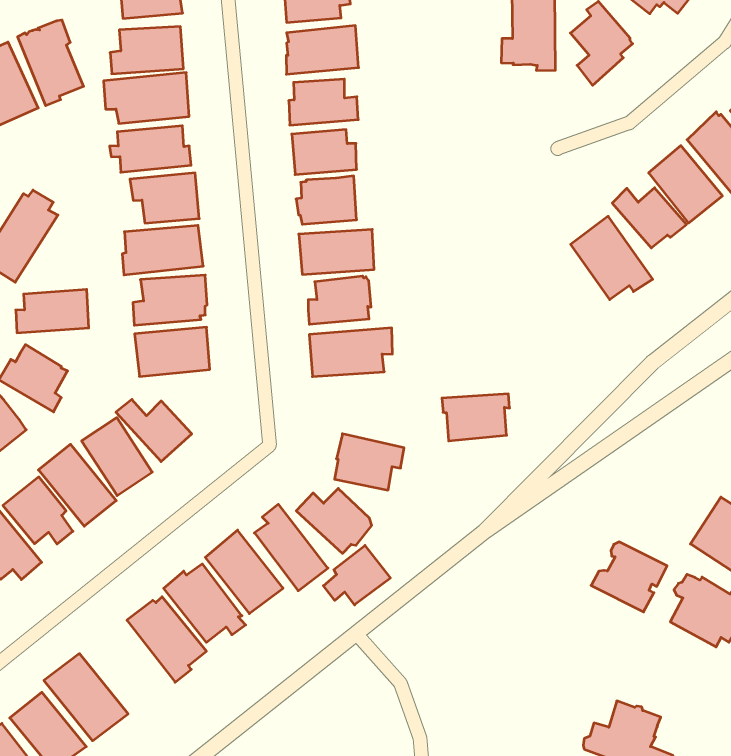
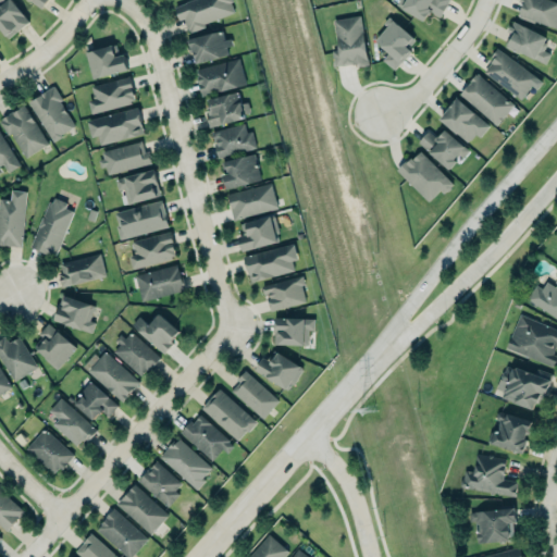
building: [442,394,510,441] -> [262,276,307,312]
building: [591,542,667,612] -> [487,412,533,454]
building: [323,545,390,605] -> none
building: none -> [138,462,184,507]

